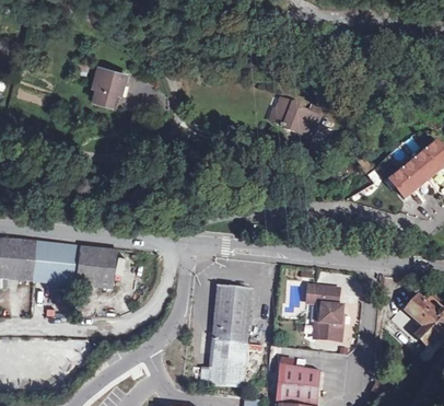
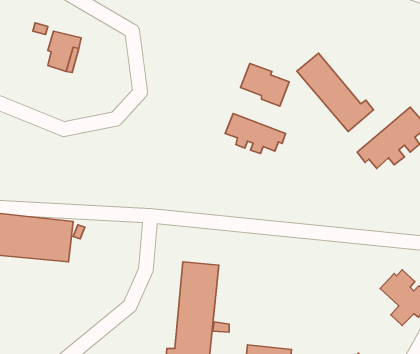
building: none -> [297,53,374,132]
building: none -> [225,113,285,153]
building: [307,288,343,341] -> none

